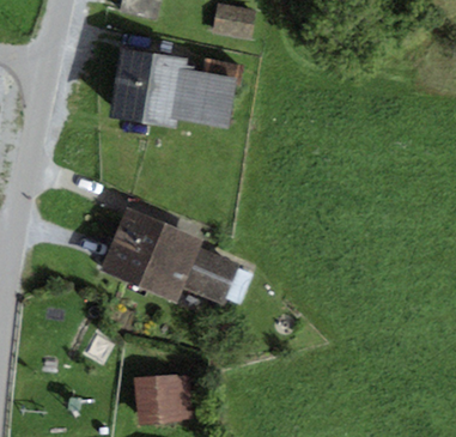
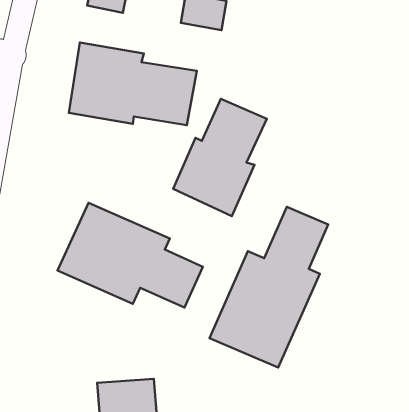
building: none -> [173,99,267,216]
building: none -> [209,207,328,368]

